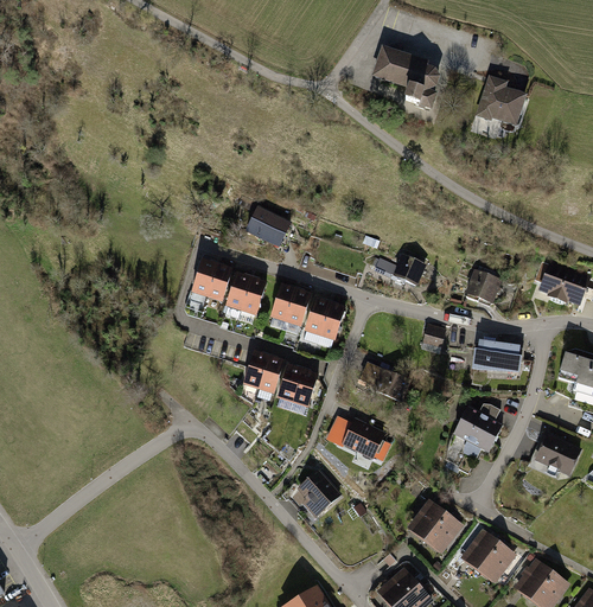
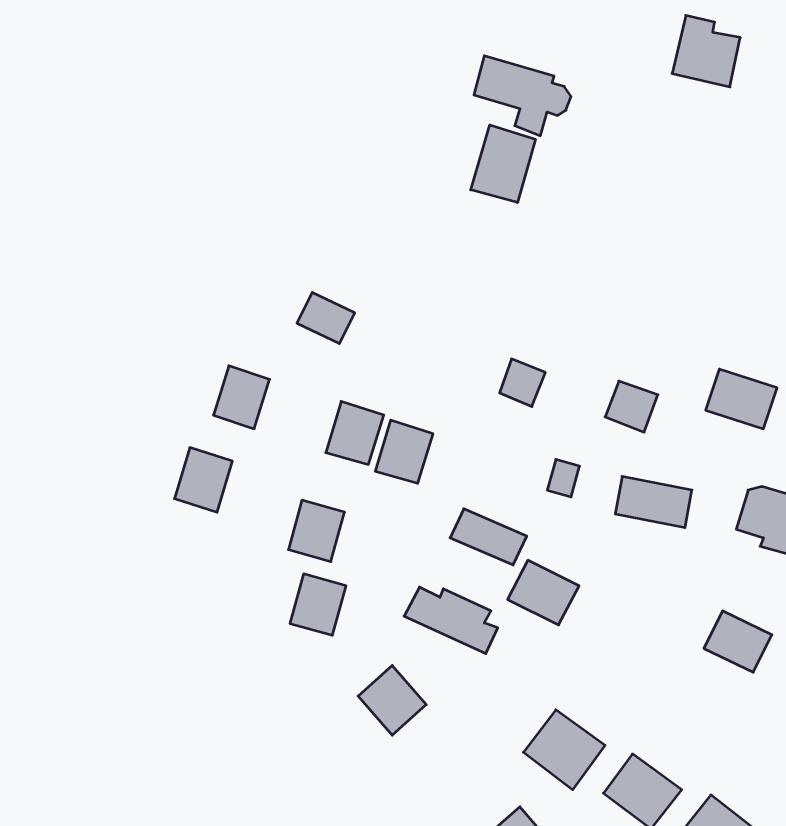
building: [478,76,525,126] -> [672,15,740,87]
building: none -> [471,125,535,203]
building: [224,274,264,319] -> [174,448,232,512]
building: [276,366,315,409] -> [290,574,346,635]
building: [451,405,500,451] -> [508,560,579,625]

